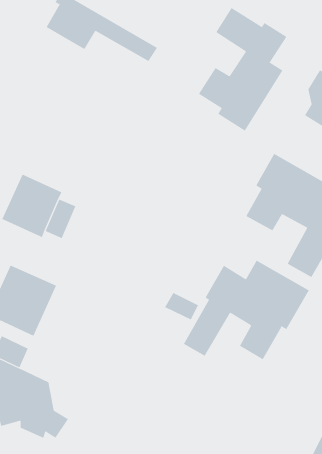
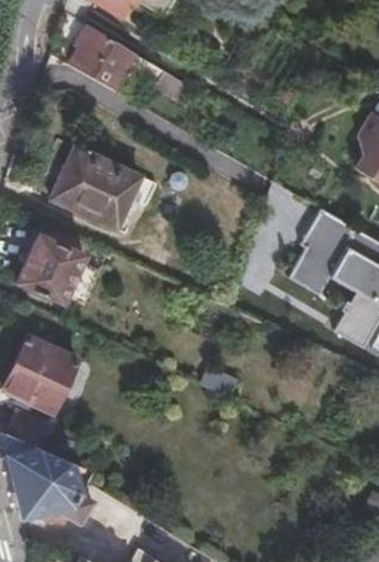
building: [198,7,287,132] -> none
building: none -> [52,144,144,229]
building: [183,260,309,360] -> none

